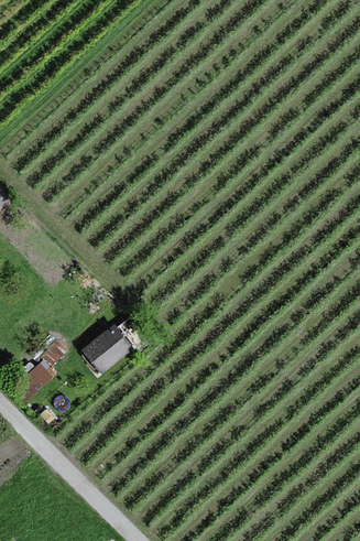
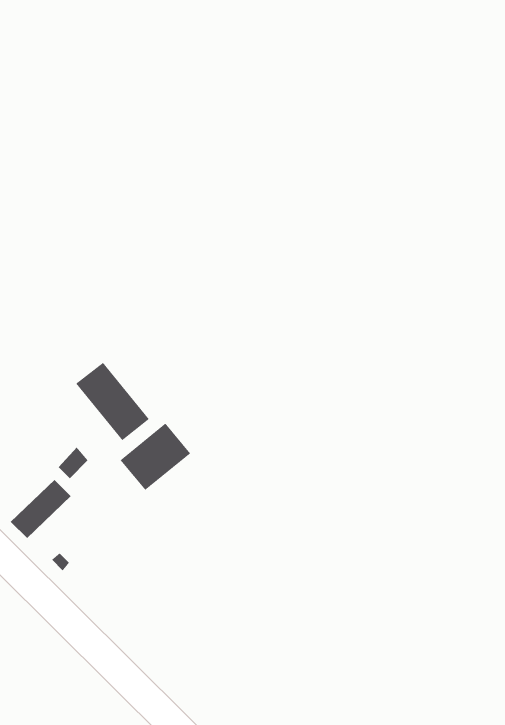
building: none -> [75,362,150,441]

